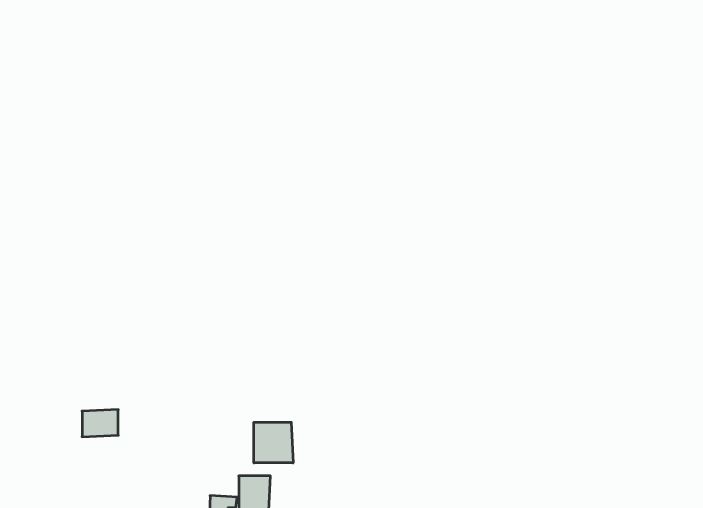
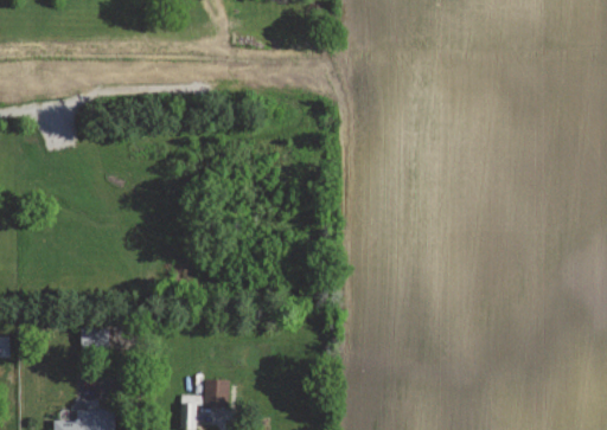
building: [254,422,293,463] -> none

